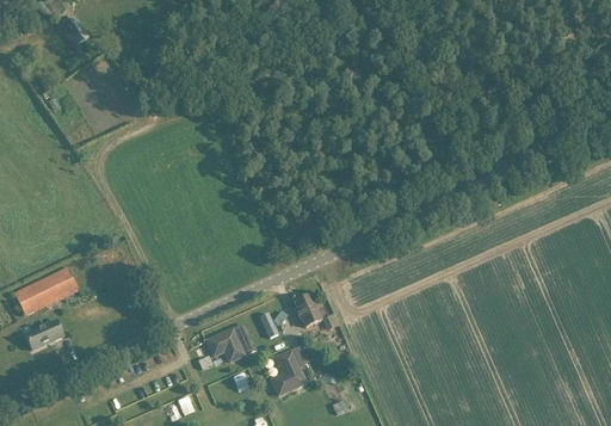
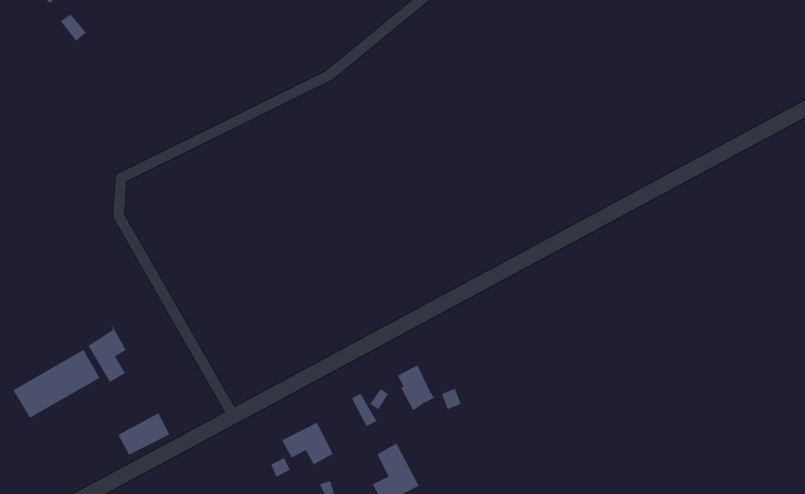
building: none -> [84,326,127,383]
building: [25,319,63,348] -> [118,412,170,455]

